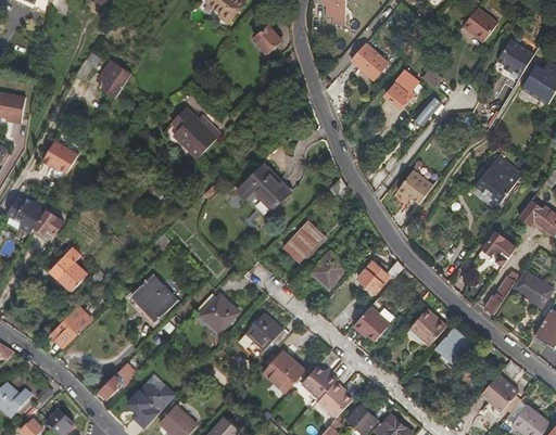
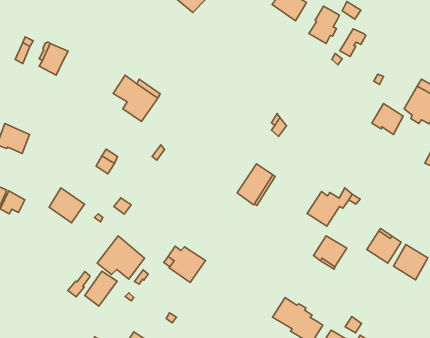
building: [236,165,289,210] -> none
building: [396,169,430,203] -> [372,104,403,134]
building: [309,252,346,289] -> none
building: [50,254,87,292] -> [49,188,84,223]
building: [54,307,90,343] -> [85,271,117,306]
building: [237,312,288,358] -> none
building: [262,350,303,392] -> none

